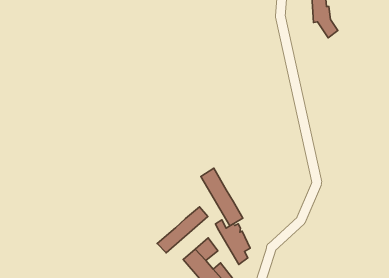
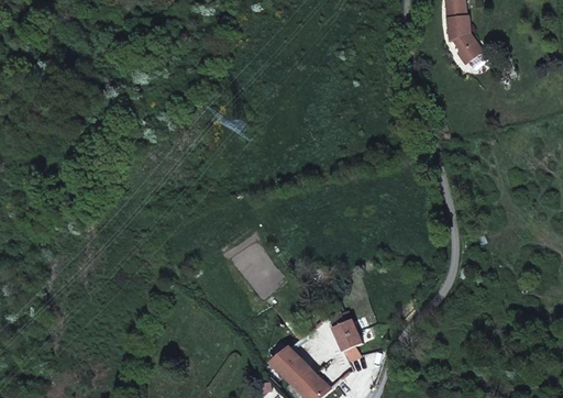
building: [201,168,243,226] -> none
building: [157,207,208,253] -> none

